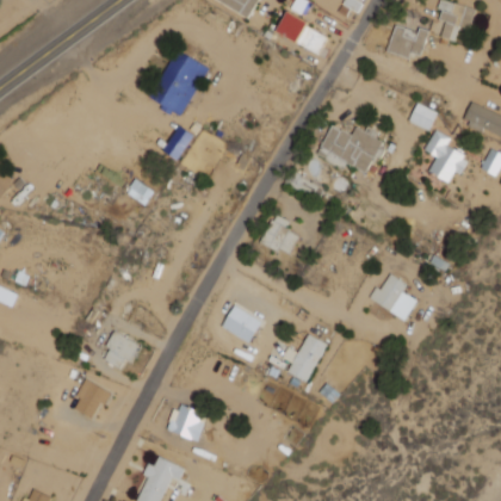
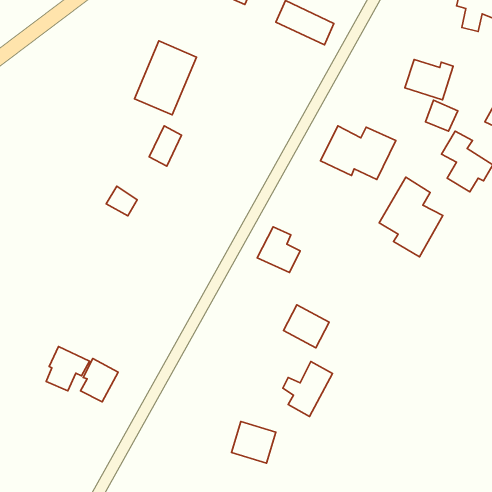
building: [386,24,429,60] -> [405,59,453,100]
building: none -> [379,177,443,257]
building: [369,273,416,320] -> none
building: [222,304,262,342] -> [283,305,329,348]
building: [74,378,112,418] -> [46,346,89,391]
building: [168,403,208,440] -> [231,421,276,463]

